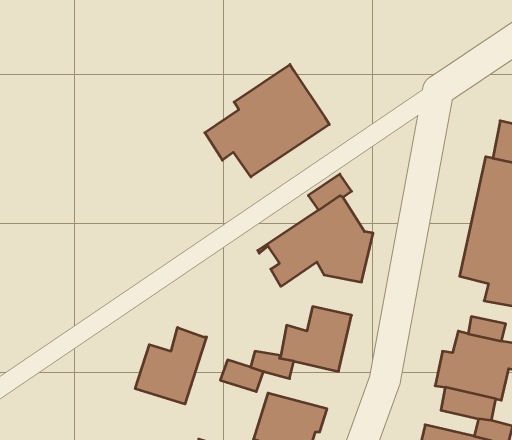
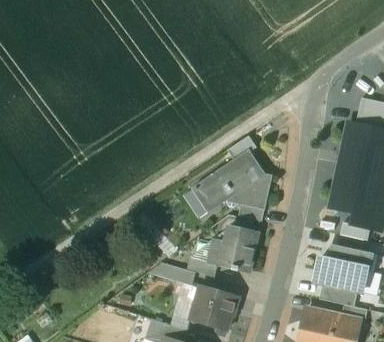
building: [205,64,329,177] -> none
building: [135,327,207,404] -> none

